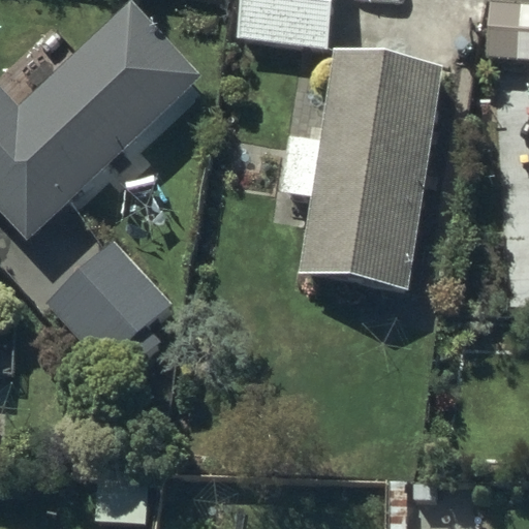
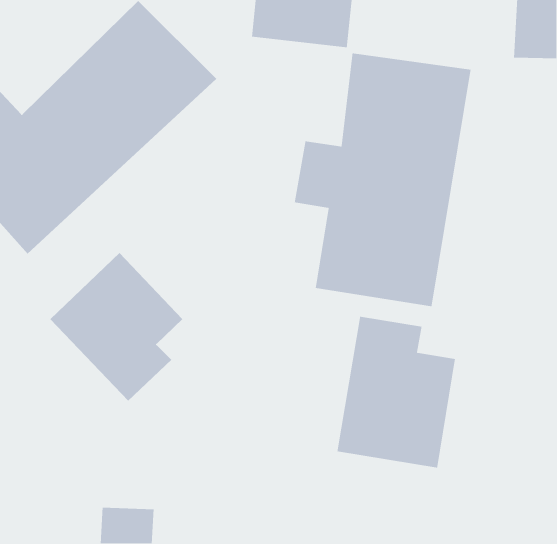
building: none -> [336,316,456,469]

